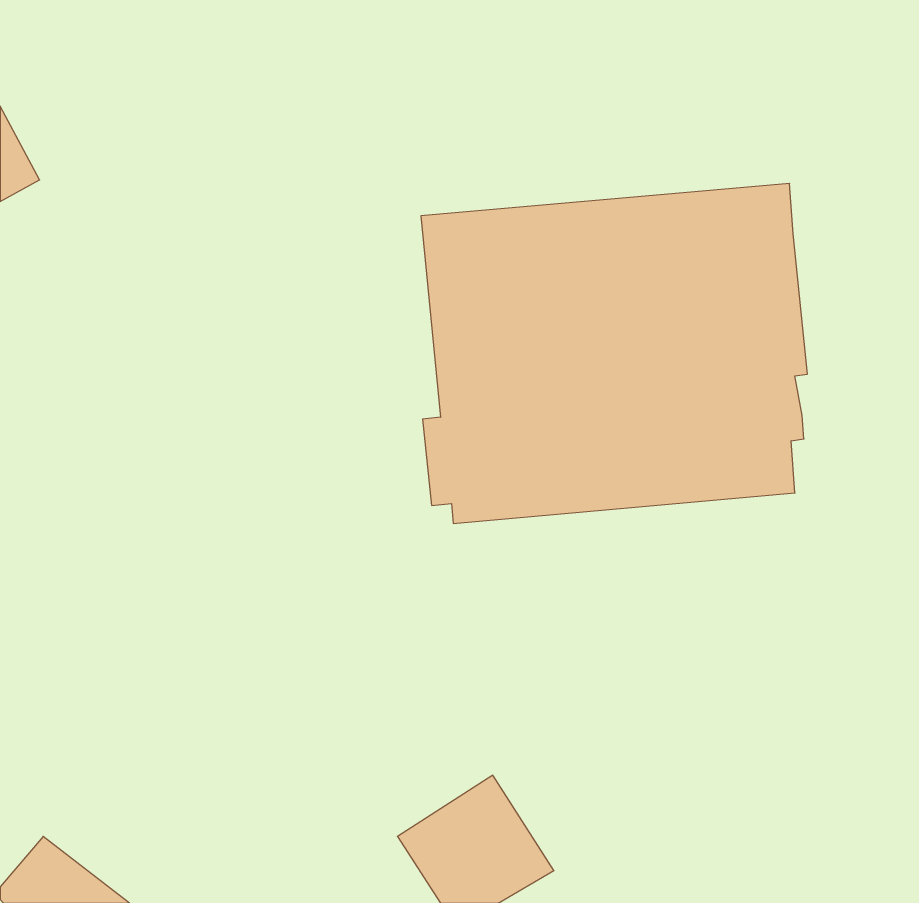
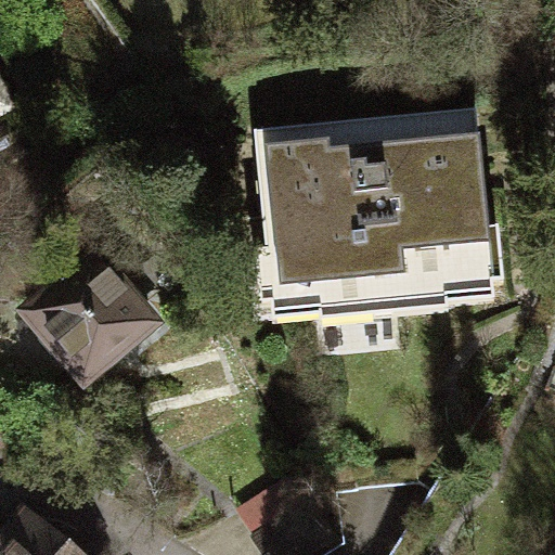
building: none -> [30,234,168,388]

